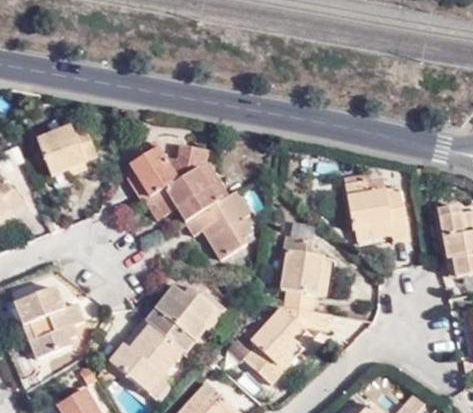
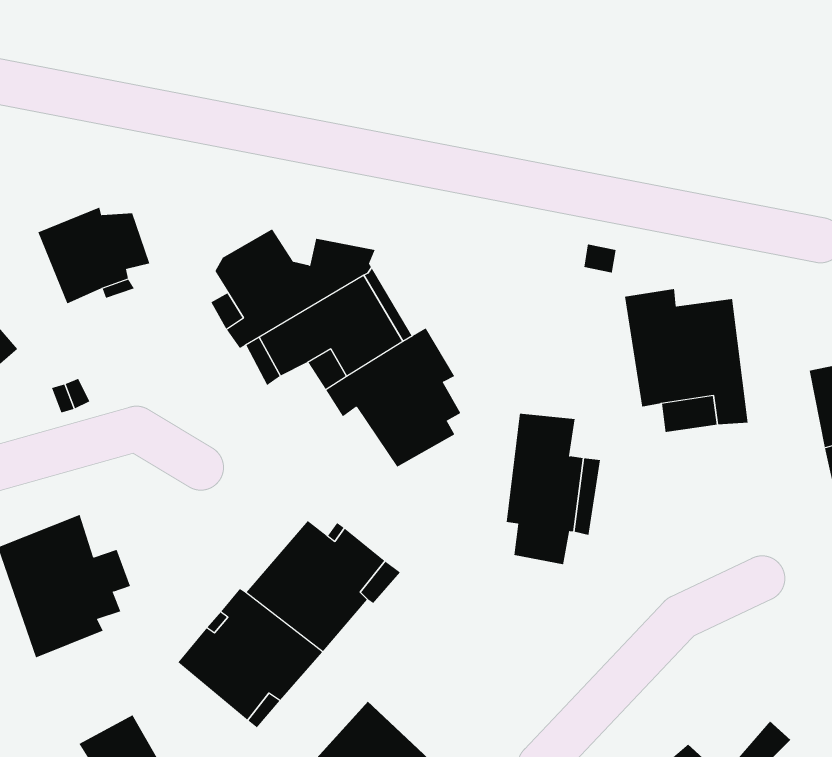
building: [242,306,327,384] -> none

